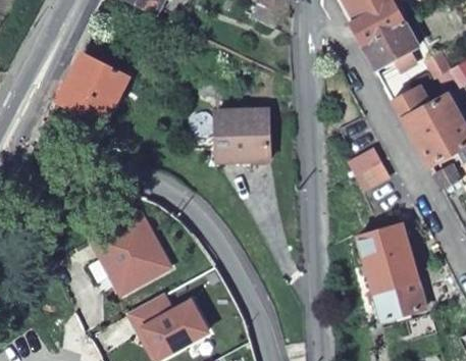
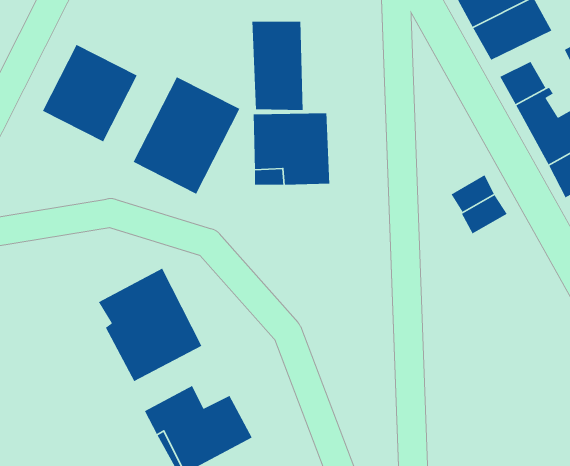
building: none -> [251,21,303,111]
building: none -> [133,76,240,195]
building: [358,223,423,319] -> none

